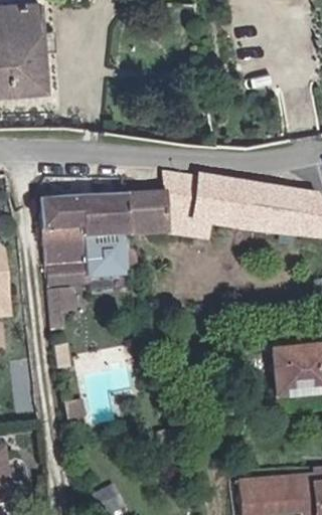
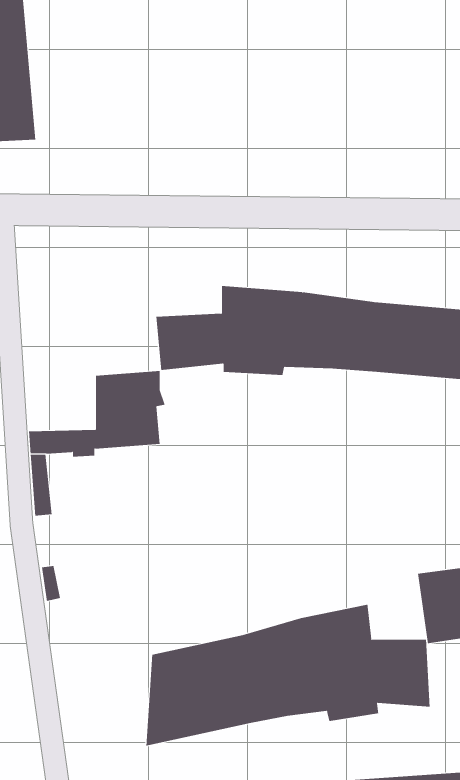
building: [36,204,123,275] -> none
building: none -> [146,604,430,746]

